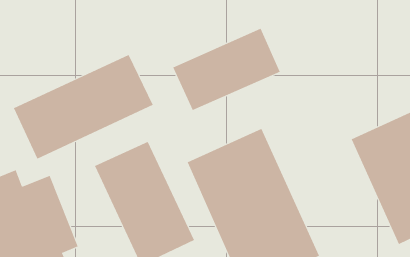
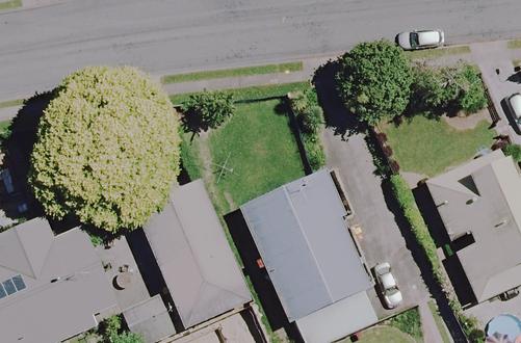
building: [173,28,280,111] -> none
building: [13,54,153,160] -> none

